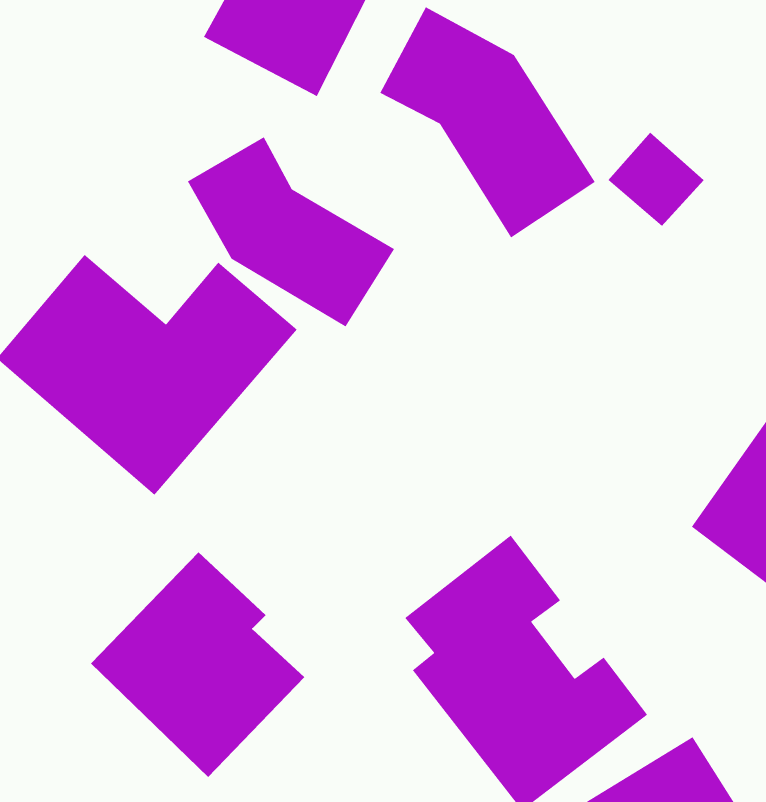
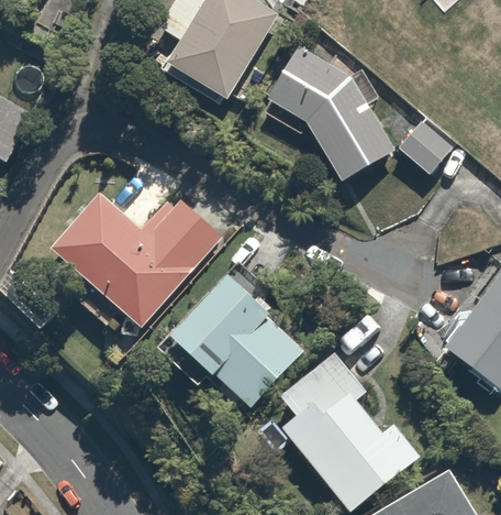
building: [187,136,395,327] -> none
building: [90,551,305,778] -> [176,274,298,403]

